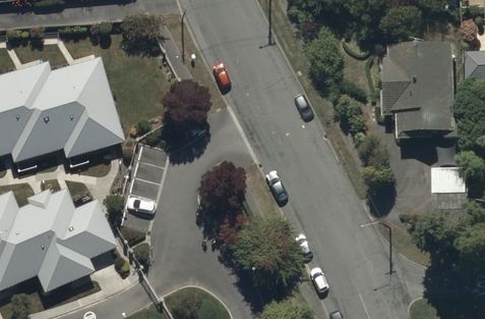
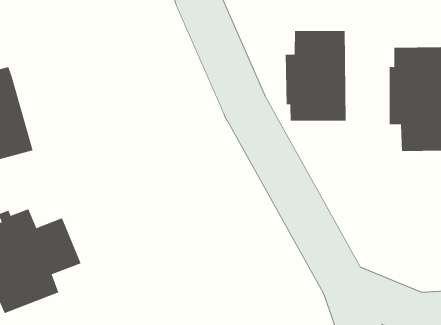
building: none -> [285,30,346,122]
building: [47,57,117,147] -> none

